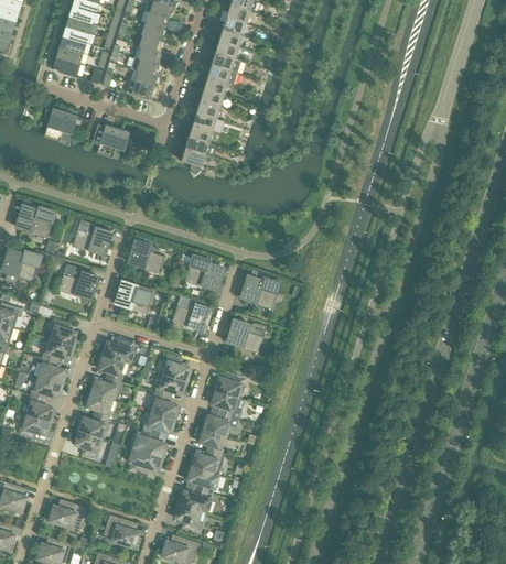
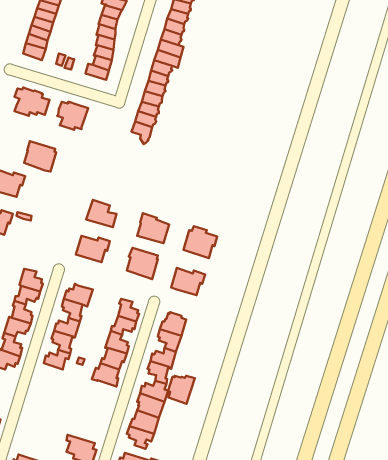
building: [74,219,111,254] -> [24,141,56,171]
building: [61,263,97,299] -> none
building: [74,430,101,458] -> none
building: none -> [168,376,195,404]
building: [129,448,162,477] -> none
building: [49,499,87,536] -> none

